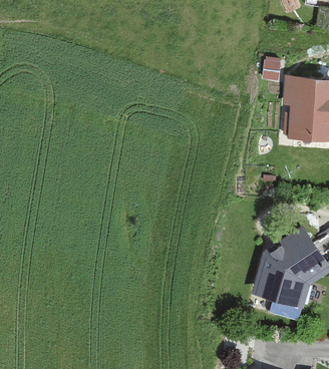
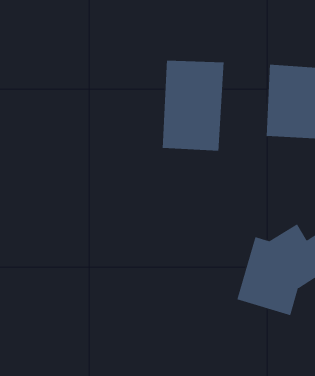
building: none -> [162,60,224,152]

